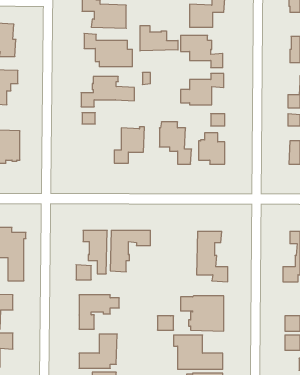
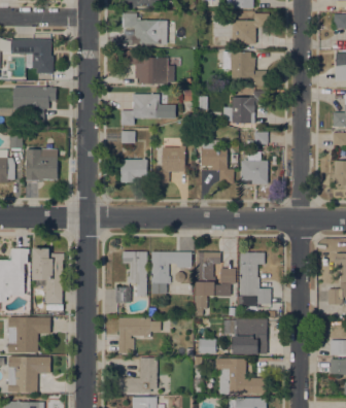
building: [140,26,178,51] -> none
building: none -> [120,158,147,182]
building: none -> [195,251,235,315]

